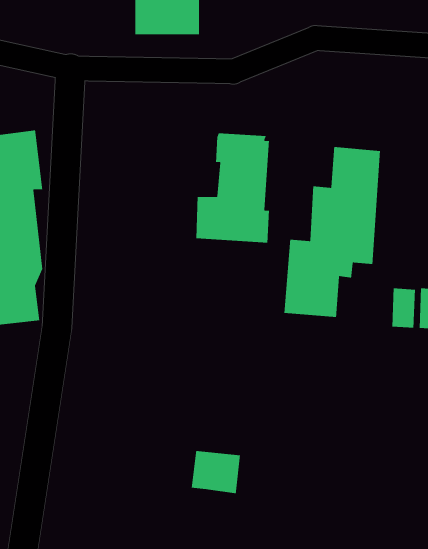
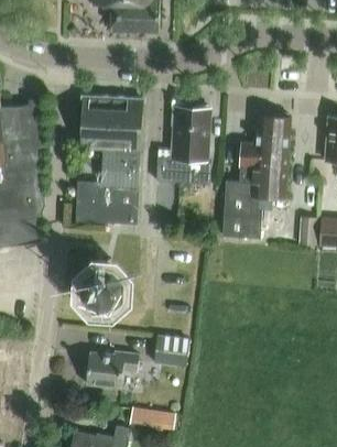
building: none -> [77,98,143,224]
building: none -> [81,270,122,309]
building: none -> [86,351,139,388]

